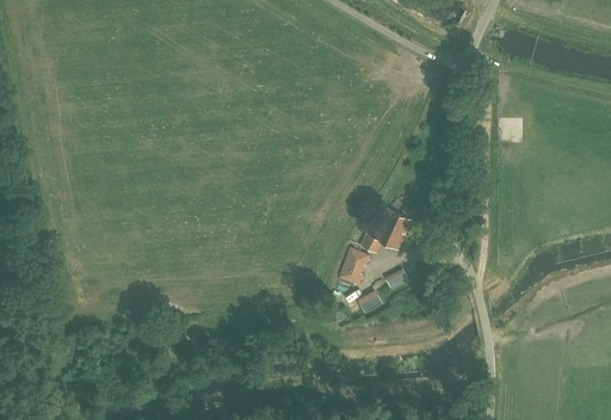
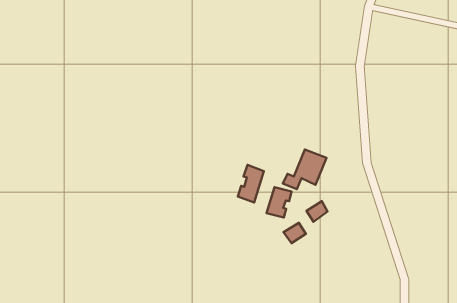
building: none -> [238,165,264,203]

